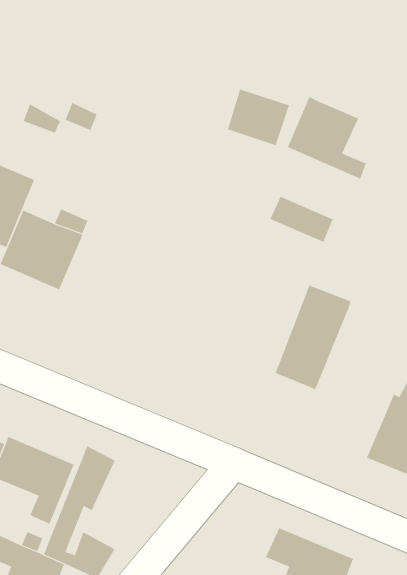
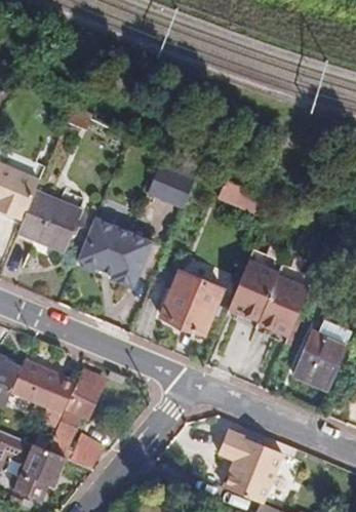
building: [227,89,290,146] -> [150,162,197,205]
building: [287,96,367,180] -> none
building: none -> [76,216,151,287]
building: none -> [254,264,313,343]
building: none -> [160,271,223,334]

